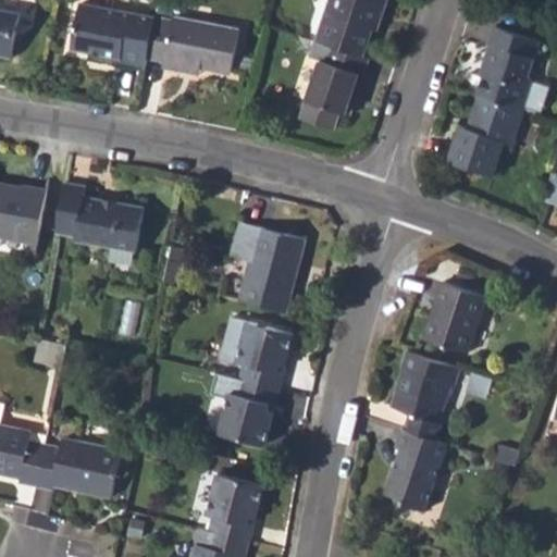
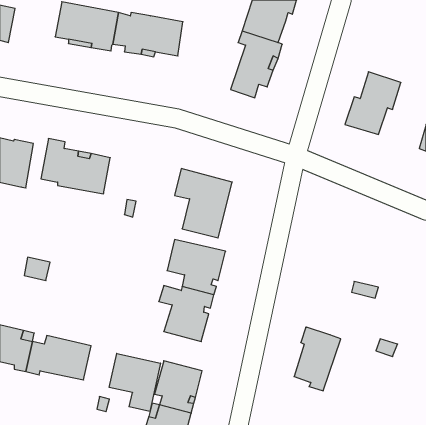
building: [476,27,539,110] -> none
building: [420,282,483,354] -> none
building: [387,350,457,438] -> none
building: none -> [109,353,160,411]

